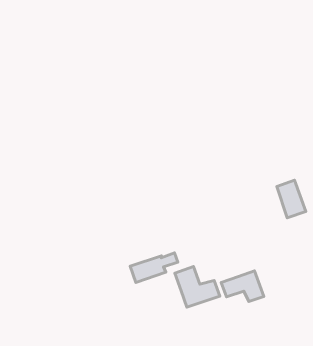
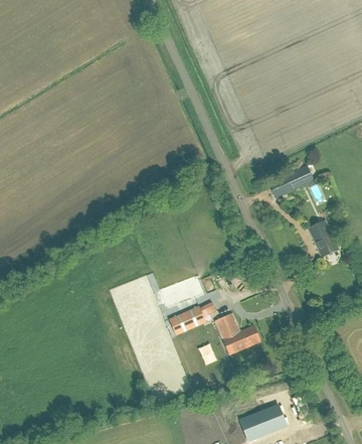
building: none -> [266,164,314,200]
building: [221,271,264,302] -> none

